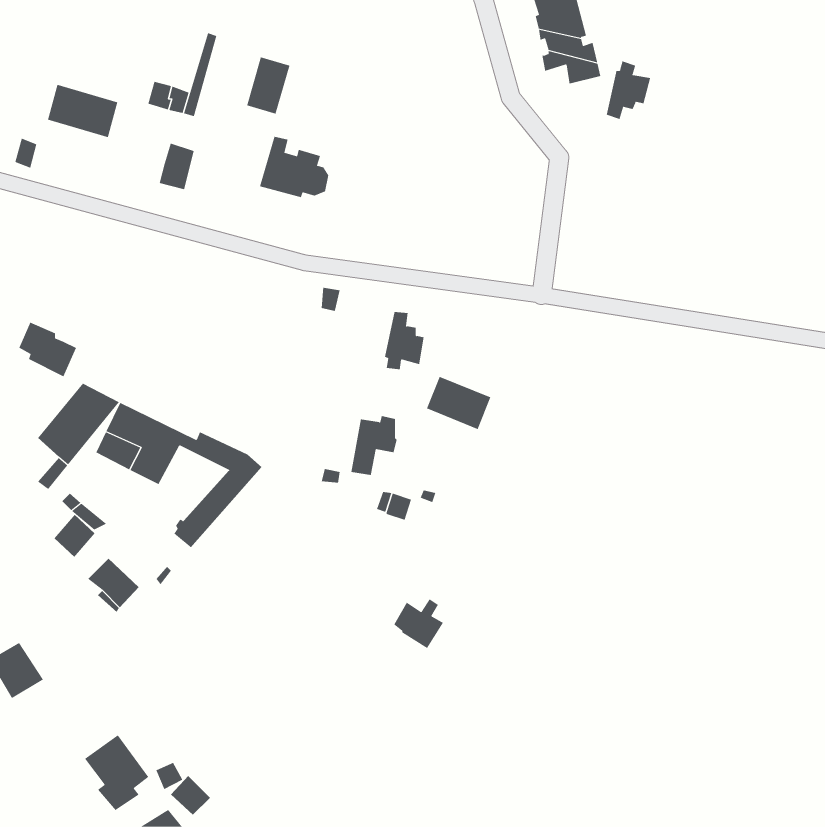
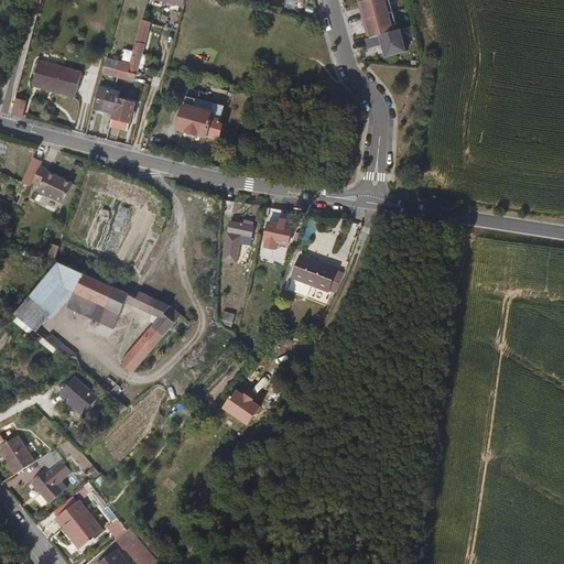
building: [246,57,290,114] -> none
building: [606,61,651,120] -> none
building: none -> [90,83,119,111]
building: [18,322,77,377] -> [31,162,70,199]
building: [350,415,397,475] -> [219,224,251,264]
building: [53,514,95,558] -> [11,297,40,327]
building: [393,598,444,649] -> [227,391,261,425]
building: none -> [29,448,72,501]

